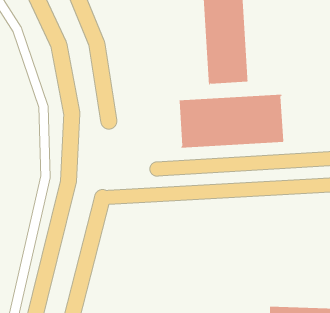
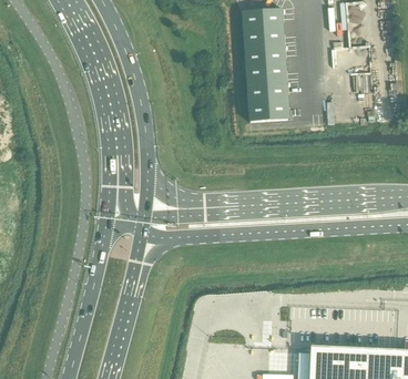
building: [178,94,284,149] -> none

